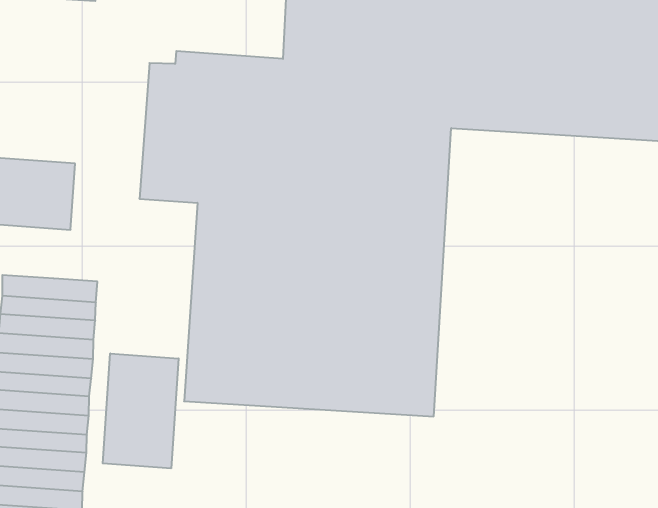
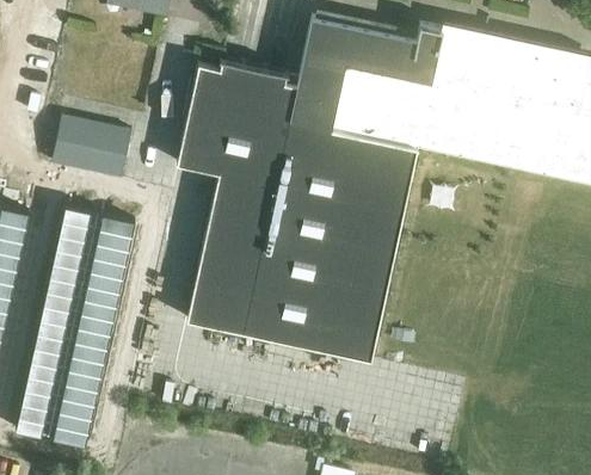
building: [103,353,179,468] -> none

